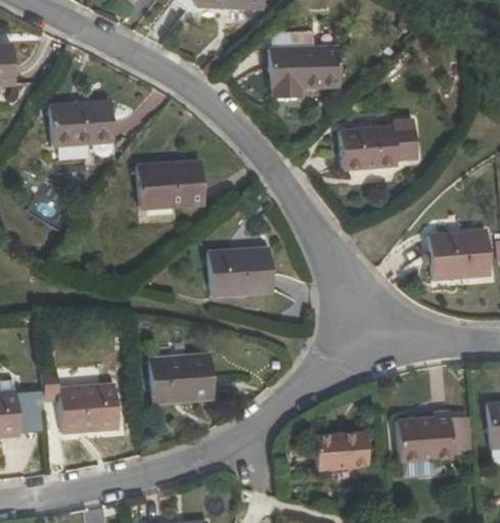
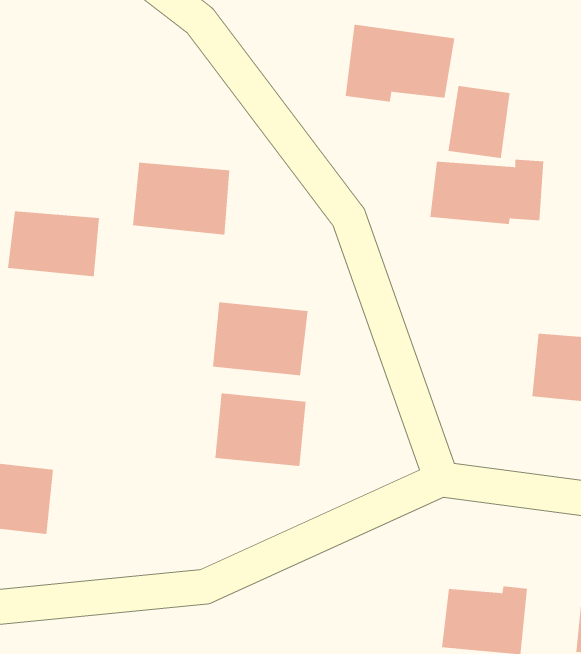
building: none -> [448,85,510,159]
building: [51,101,113,146] -> [7,211,100,277]
building: [151,353,214,402] -> [214,393,307,466]
building: [316,432,367,470] -> none

